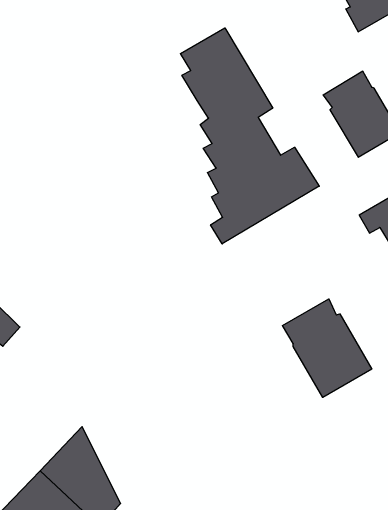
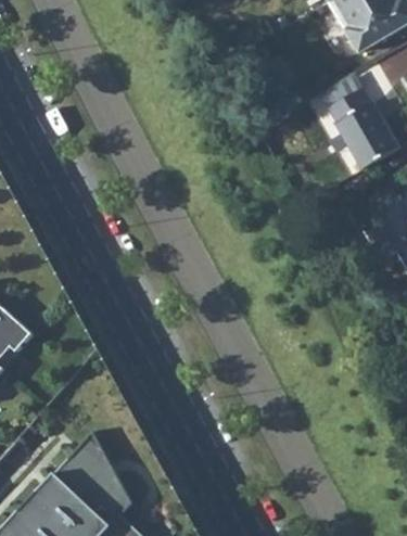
building: [180,28,319,244] -> none
building: [282,299,372,397] -> none

